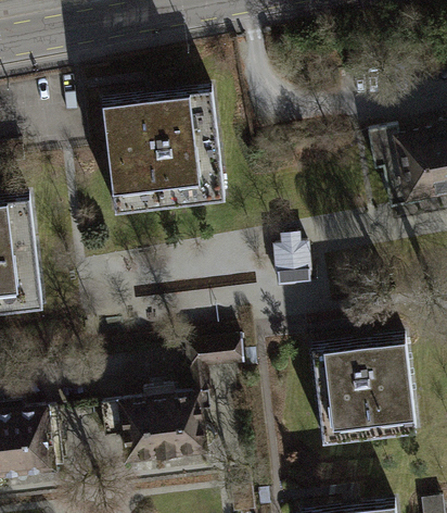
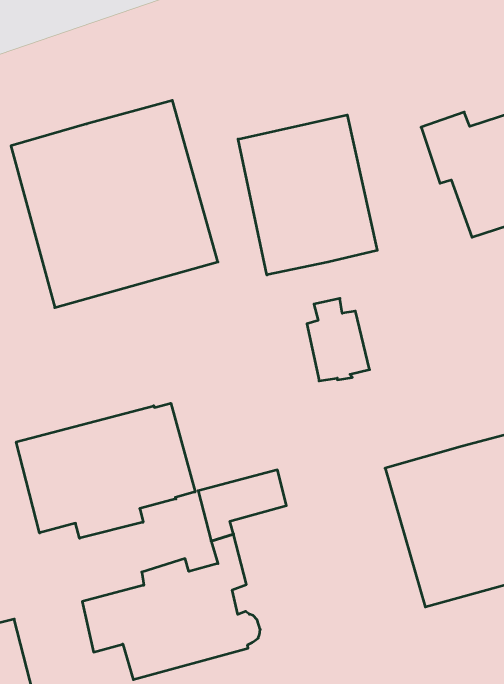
building: none -> [238,115,377,275]
building: none -> [16,403,195,538]

